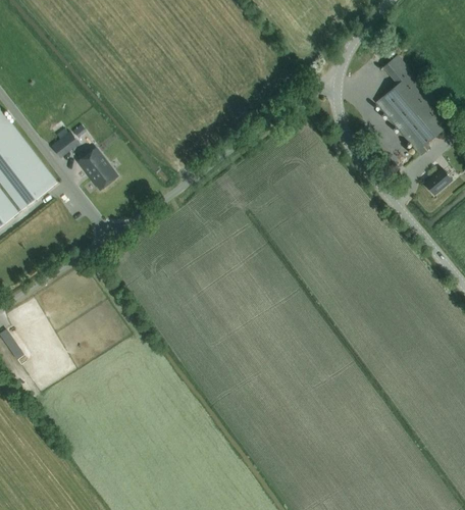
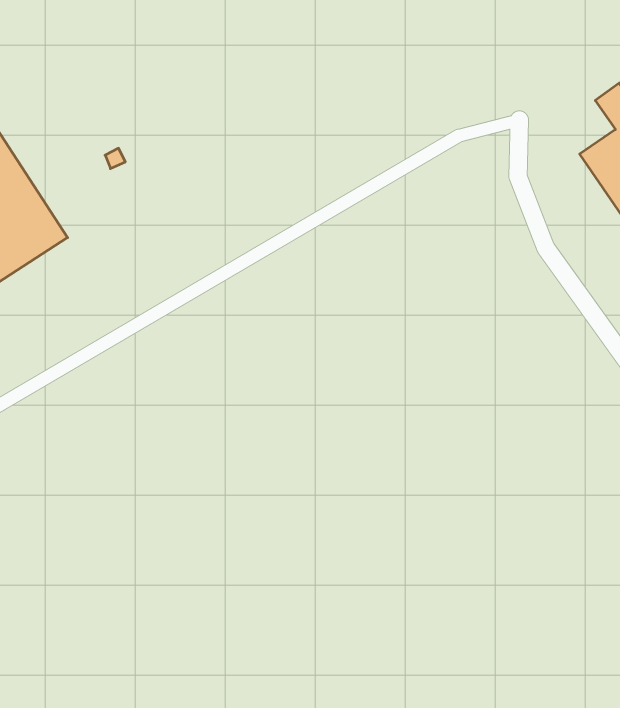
building: [50,131,79,157] -> none
building: [79,149,115,189] -> none

